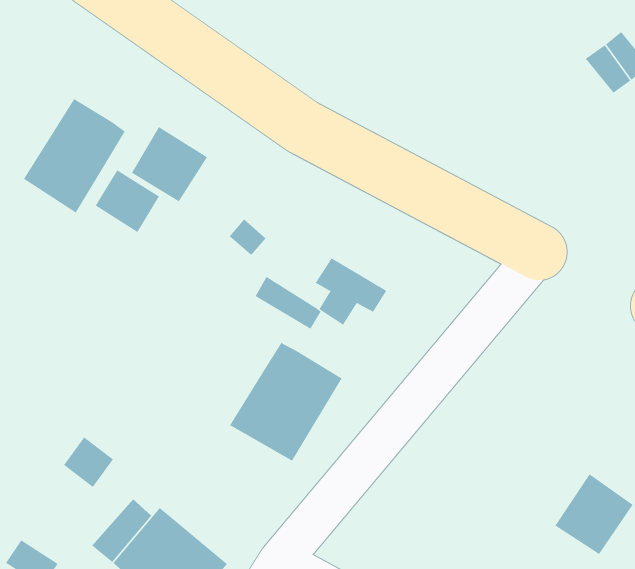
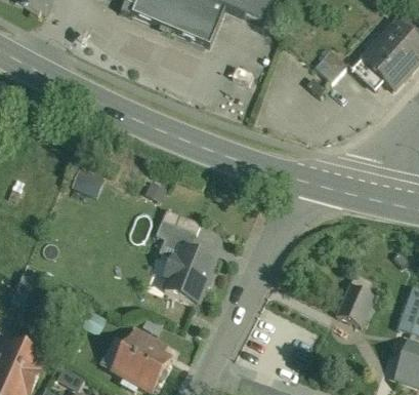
building: [23,98,126,214] -> none
building: [131,126,208,202] -> none
building: [315,258,387,325] -> [156,220,194,253]

